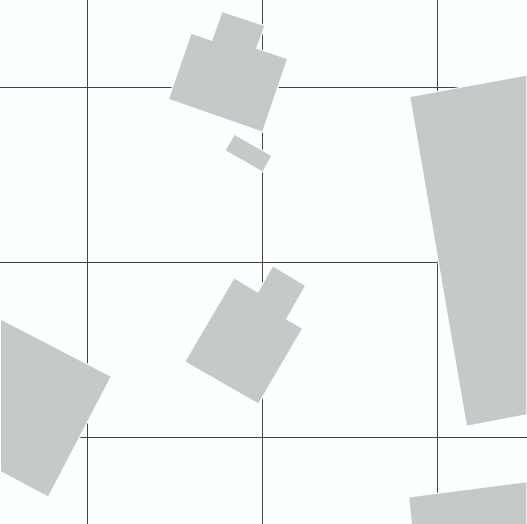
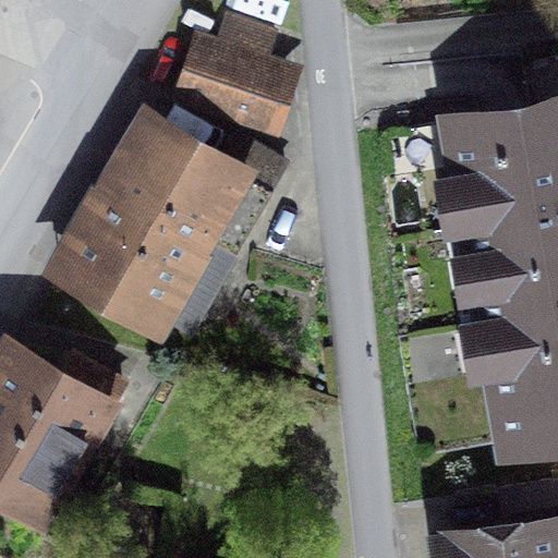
building: none -> [49,111,255,339]
building: [185,265,306,404] -> none

